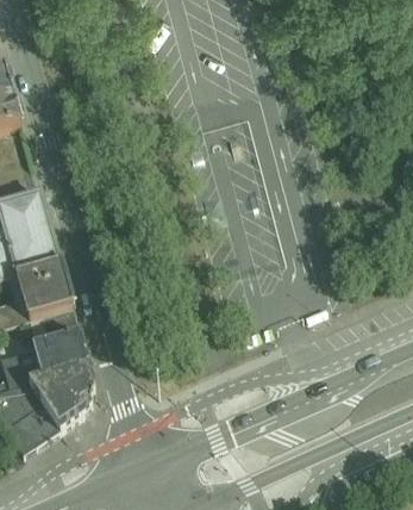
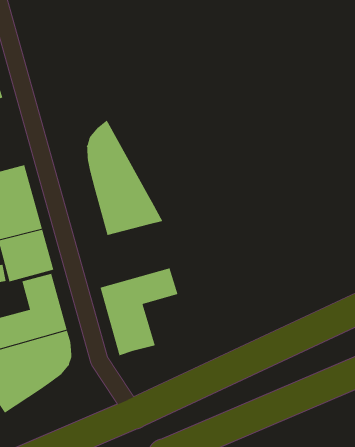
building: none -> [86,120,163,236]
building: none -> [100,267,178,356]

